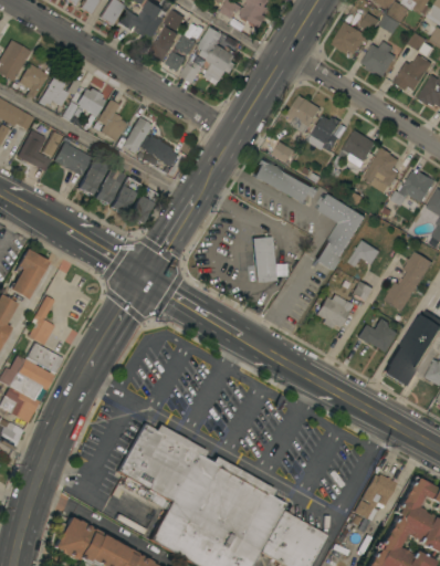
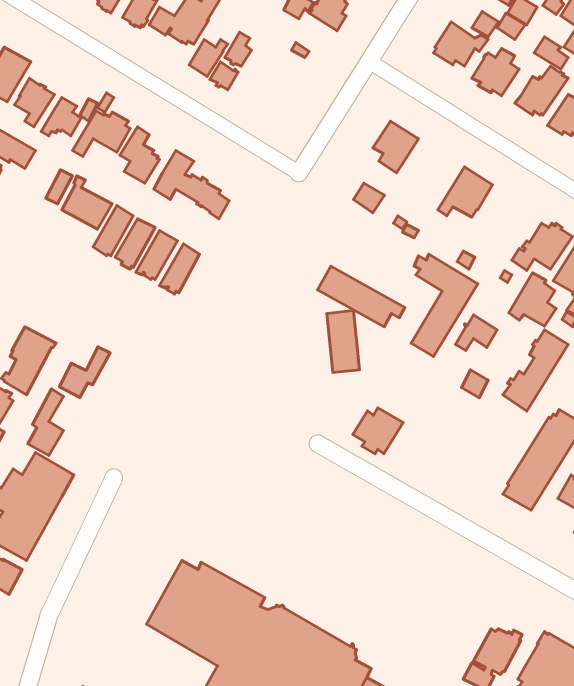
building: [179,27,235,84] -> none
building: [307,116,346,151] -> none
building: [17,130,51,171] -> none
building: [364,147,399,187] -> [509,273,556,326]
building: [253,159,318,205] -> [318,266,405,327]
building: none -> [60,347,110,397]
building: [316,294,354,328] -> [353,408,403,454]
building: [357,318,397,353] -> none

